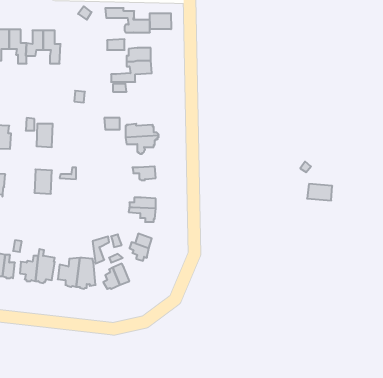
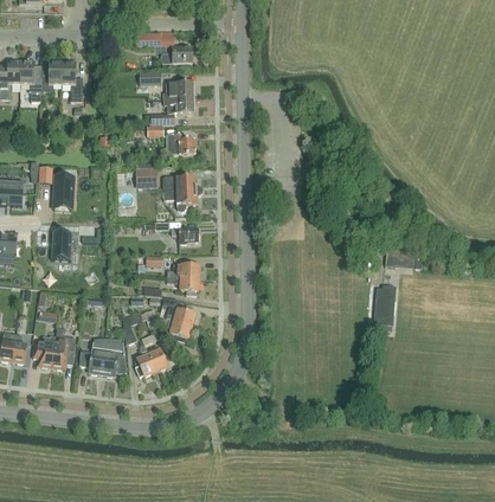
building: [150,13,171,29] -> none
building: none -> [166,133,195,155]
building: none -> [374,284,396,324]

